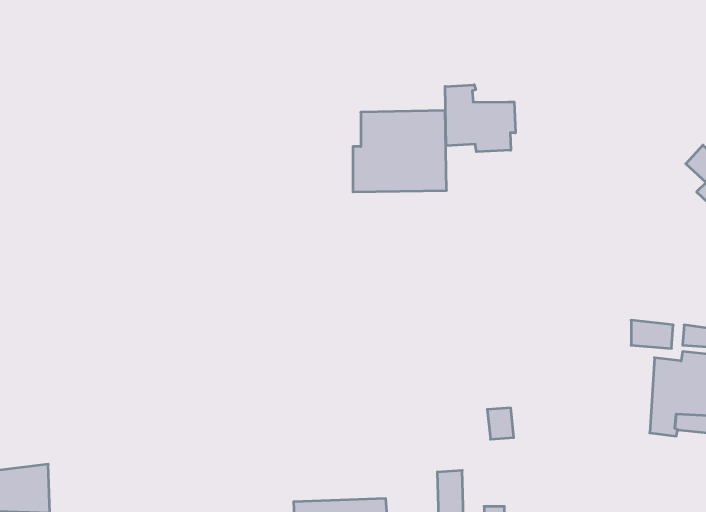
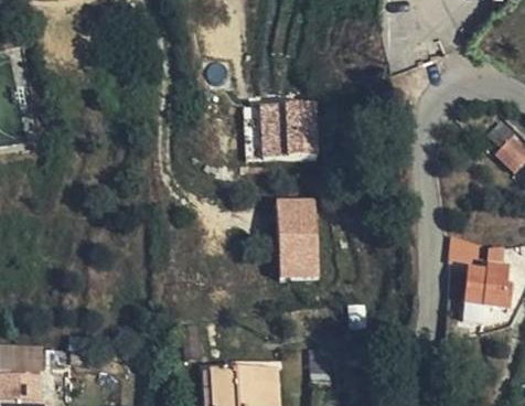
building: [445,85,515,152] -> none
building: none -> [277,192,320,275]

